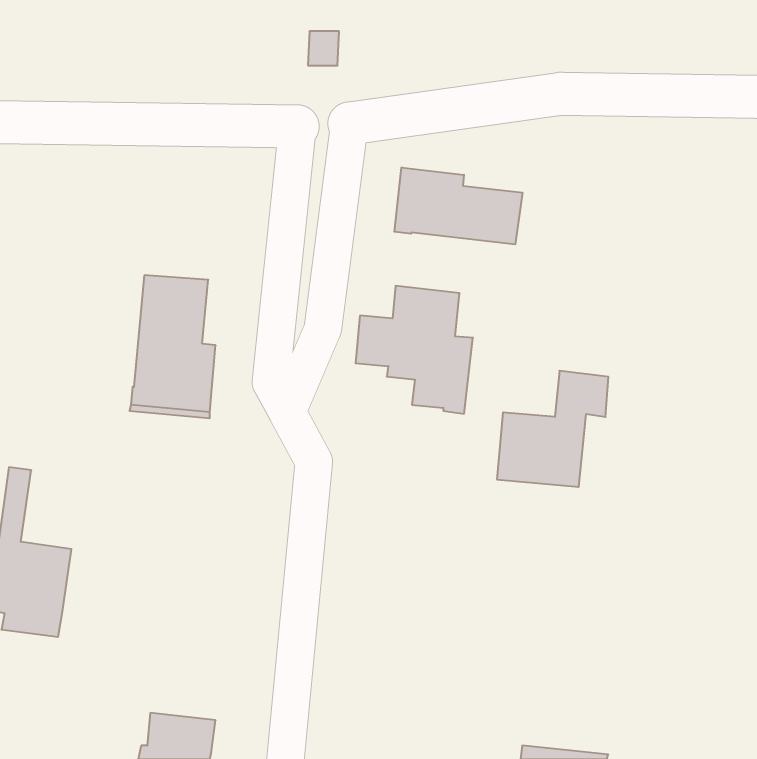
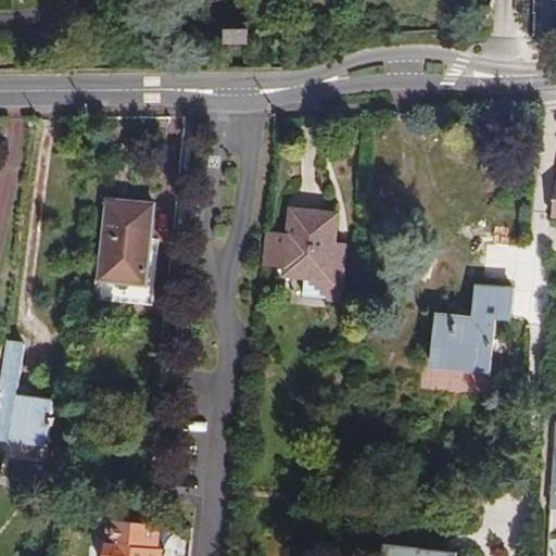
building: [394,167,522,244] -> none
building: [497,371,608,487] -> [430,285,511,369]

